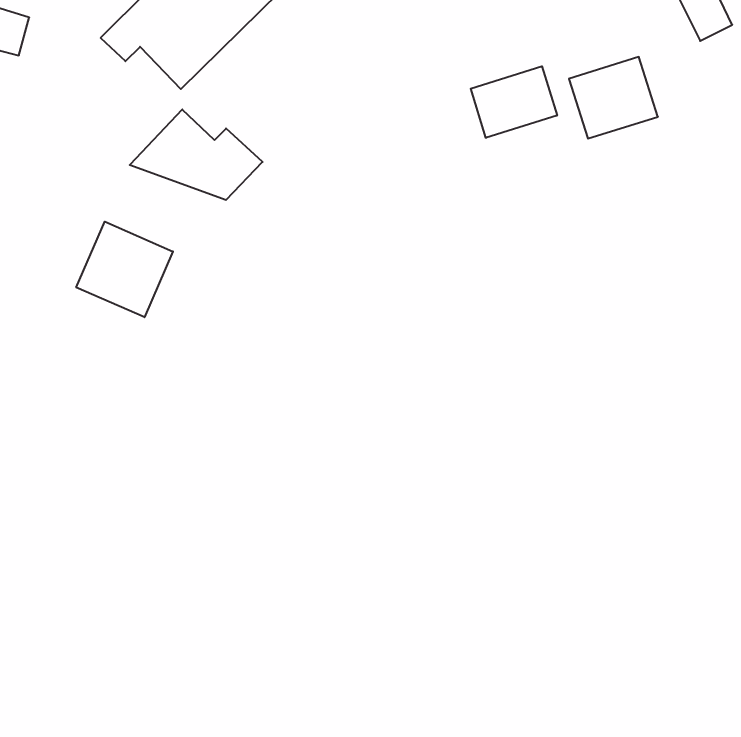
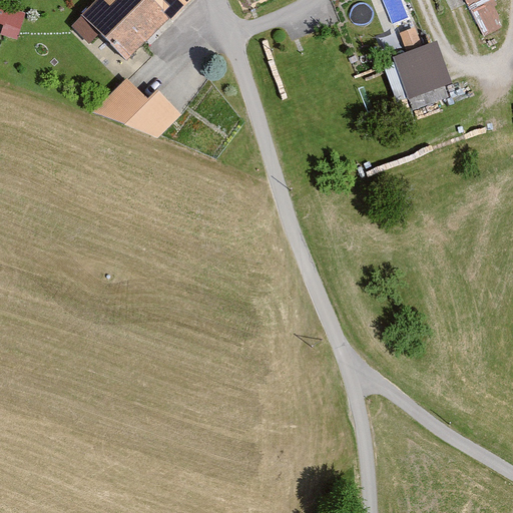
building: [471,66,557,138] -> none
building: [76,222,173,317] -> none

